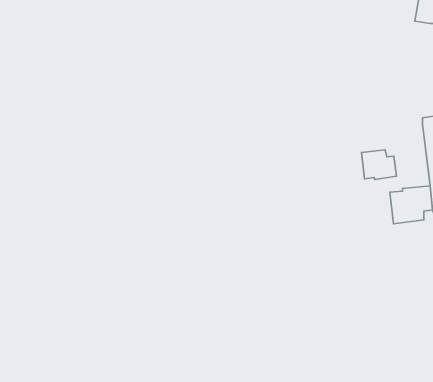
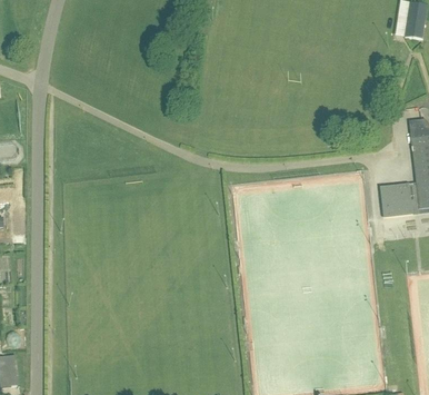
building: [361,150,396,179] -> none

